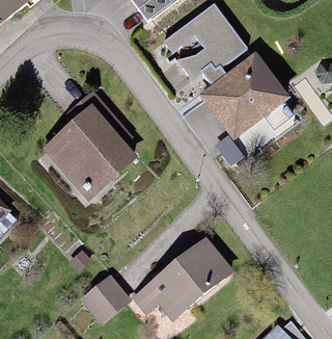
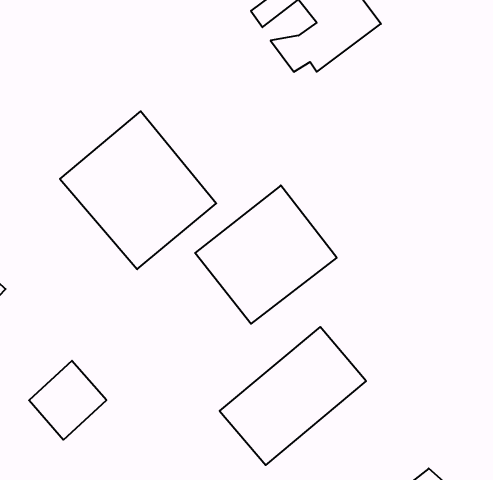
building: [202,52,292,139] -> [195,185,337,324]
building: [78,276,127,325] -> [29,361,106,440]

